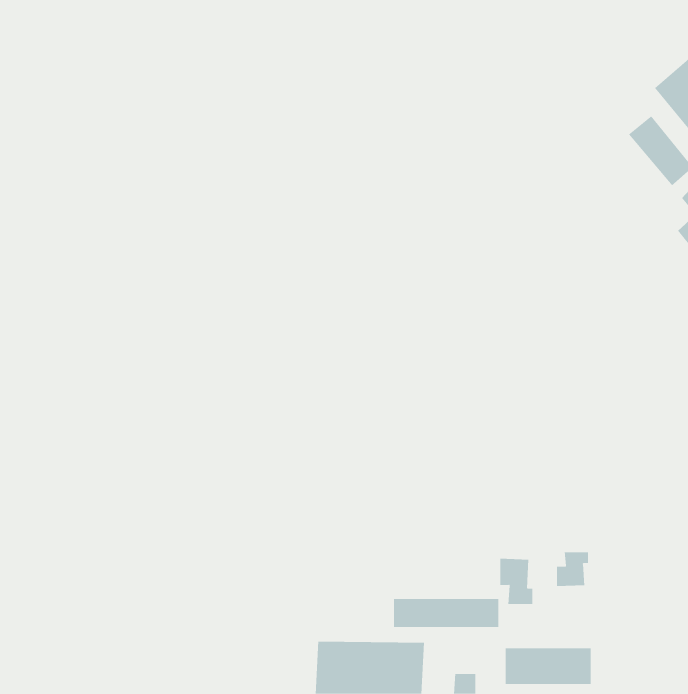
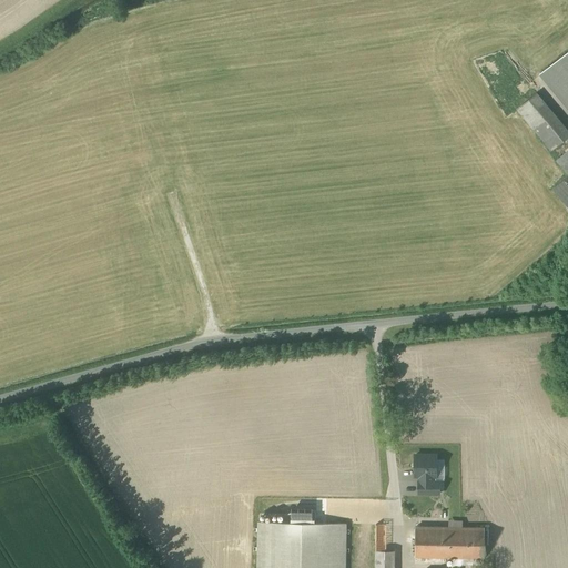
building: [556,551,589,587] -> none
building: [393,598,499,628] -> none

